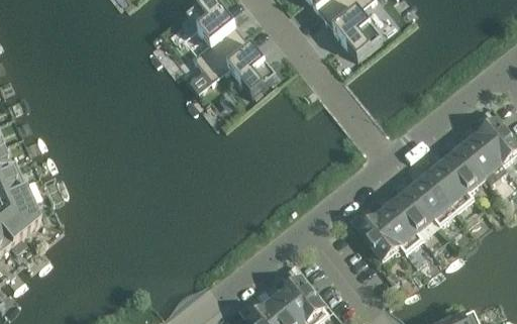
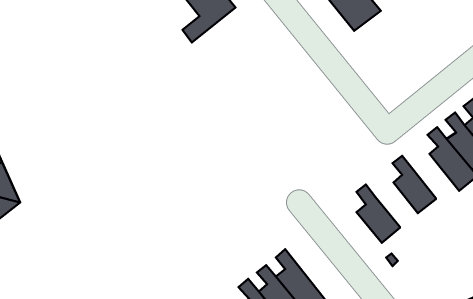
building: [202,34,276,95] -> none
building: [410,161,456,223] -> none
building: [376,189,422,250] -> none

